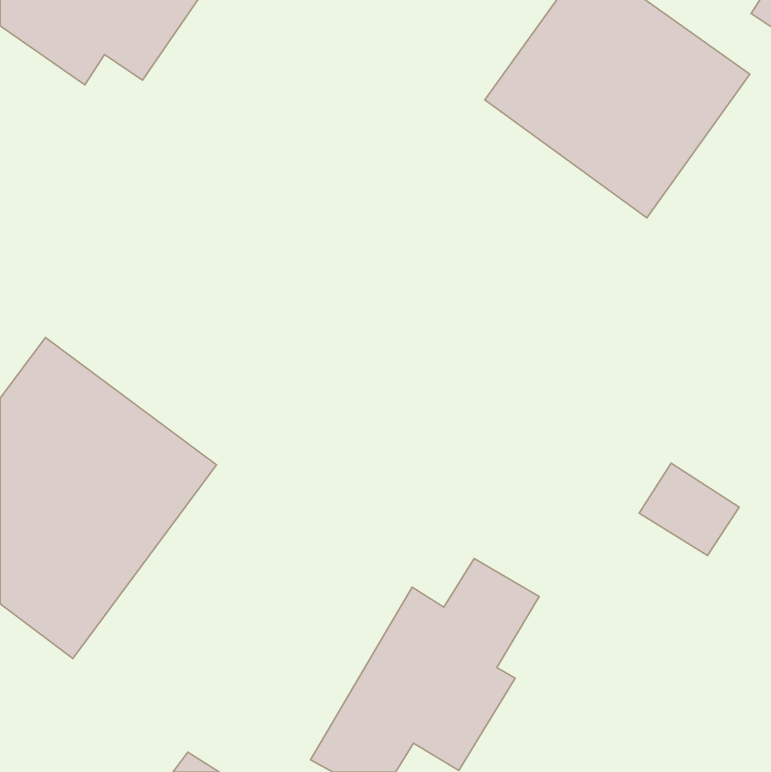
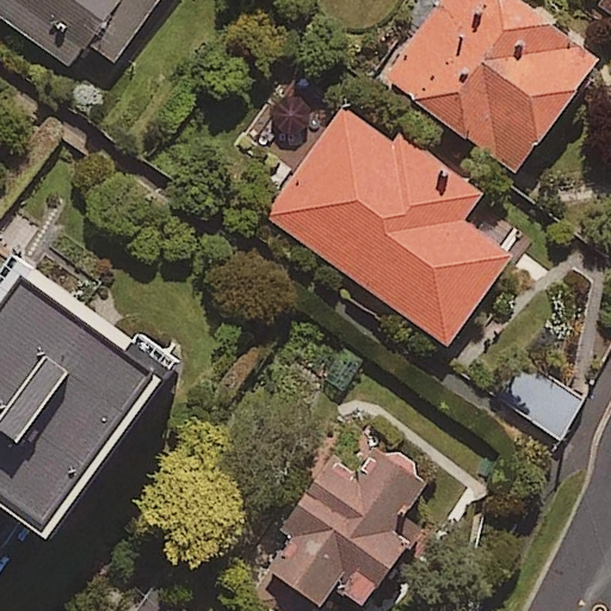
building: none -> [264,109,508,345]

